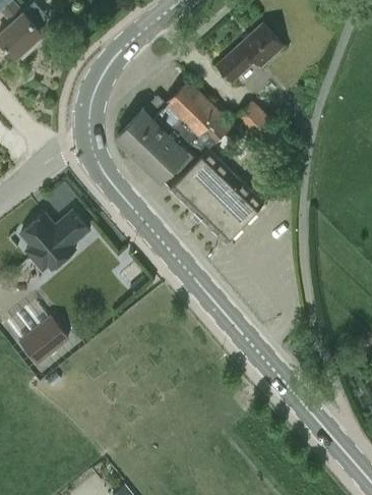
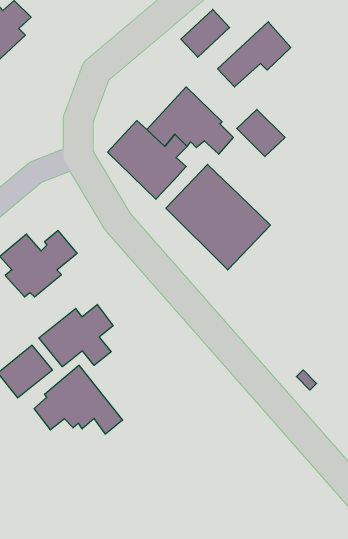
building: none -> [181,9,230,57]
building: none -> [39,304,113,367]
building: none -> [34,365,123,434]

